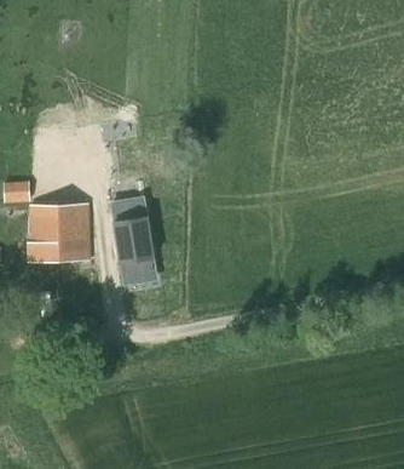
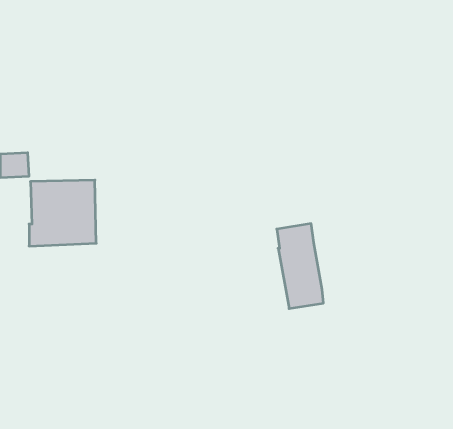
building: [112,199,154,274] -> [277,224,323,309]

